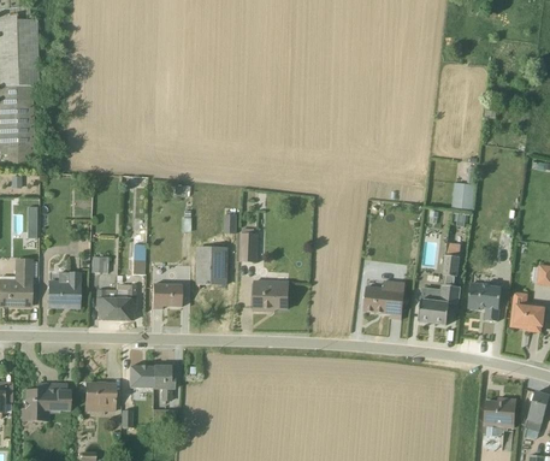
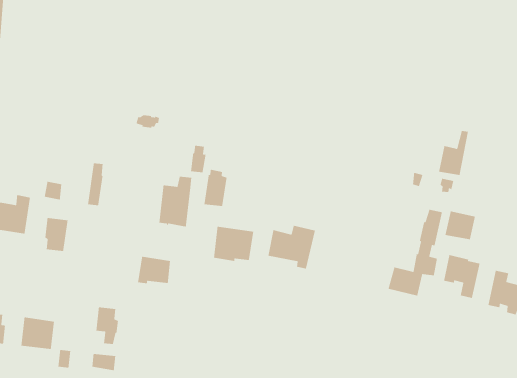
building: none -> [444,210,476,240]
building: [363,279,406,319] -> [267,225,316,270]
building: [116,283,135,319] -> none
building: [152,283,181,308] -> [137,256,171,284]
building: [129,366,153,388] -> none

